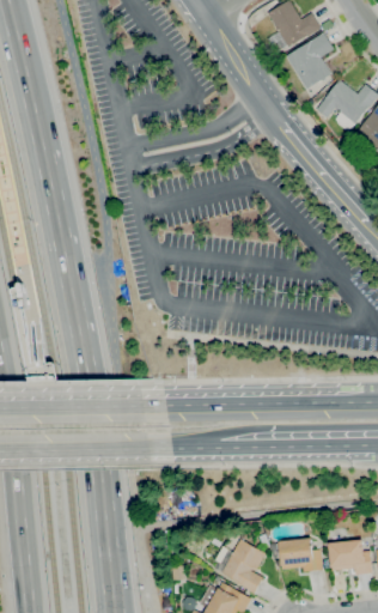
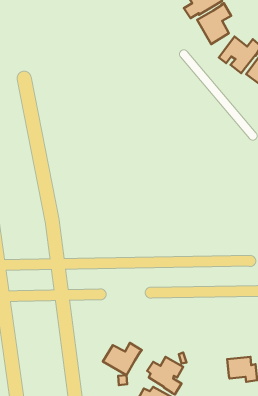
building: none -> [103,343,142,375]
building: [273,539,329,572] -> none

